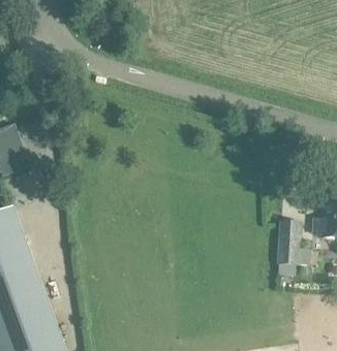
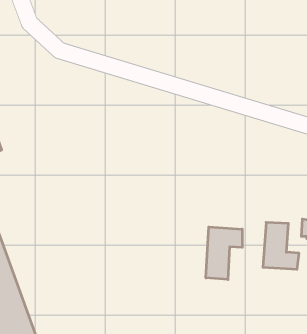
building: none -> [206,227,242,280]

